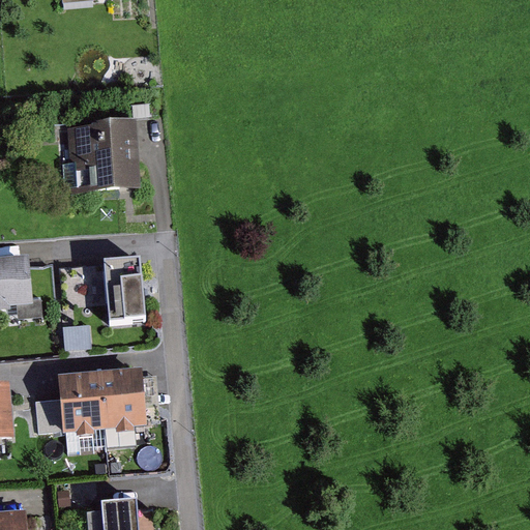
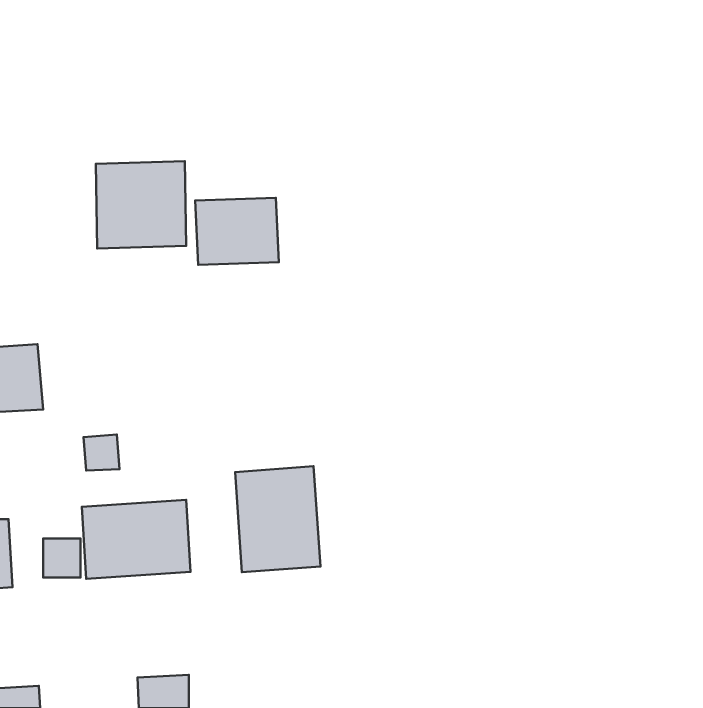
building: none -> [195,198,279,265]
building: [105,259,145,319] -> none
building: none -> [235,466,320,572]

